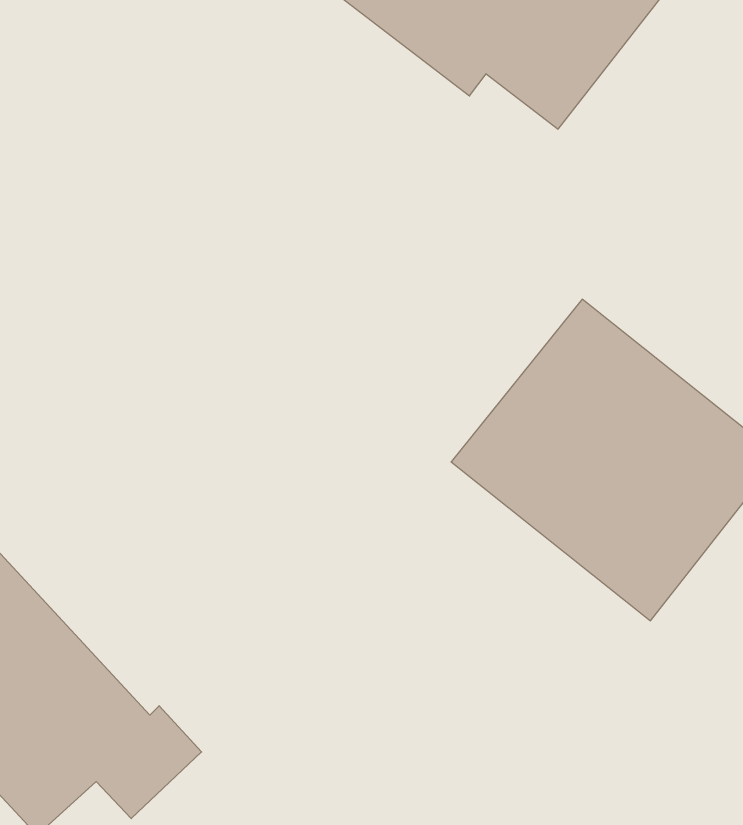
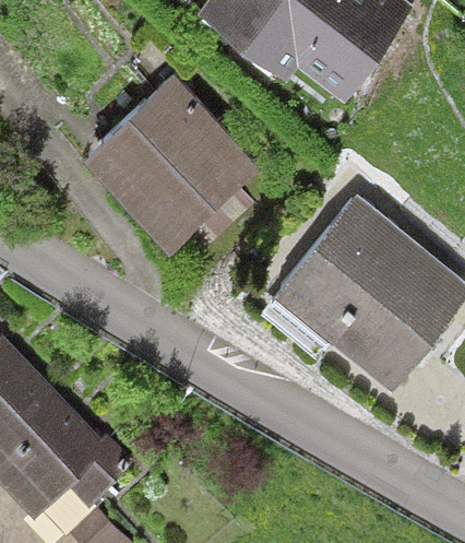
building: none -> [85,76,260,252]

